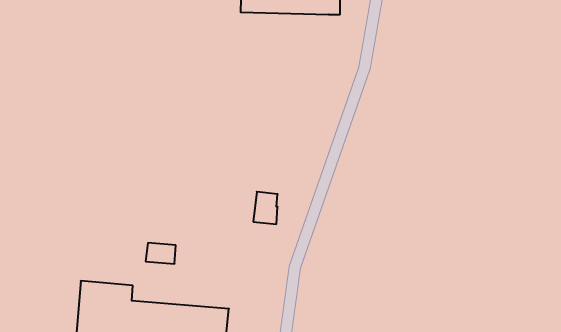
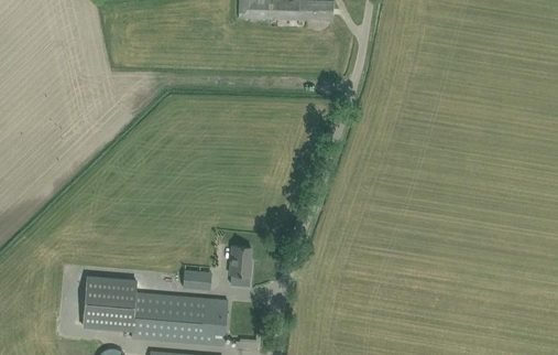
building: [253,192,278,224] -> [228,245,251,276]
building: [146,243,176,264] -> [183,269,211,289]

